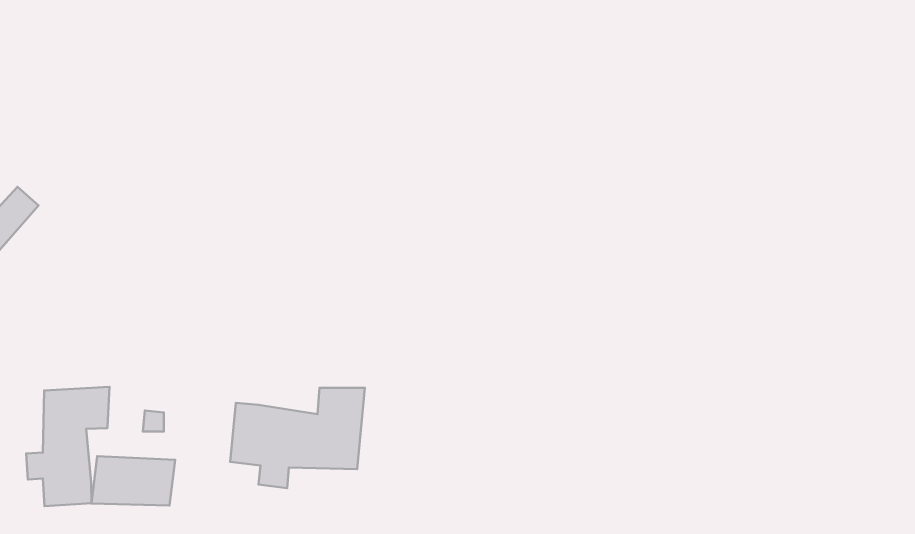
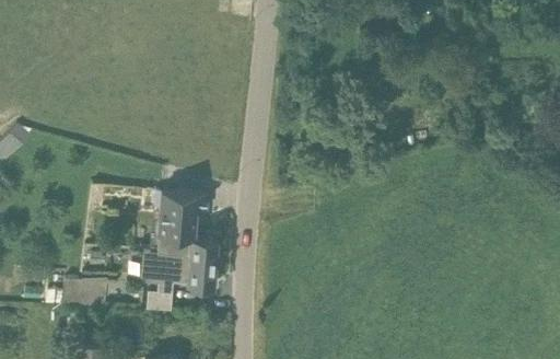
building: none -> [156,190,207,253]
building: [26,387,109,506] -> none

